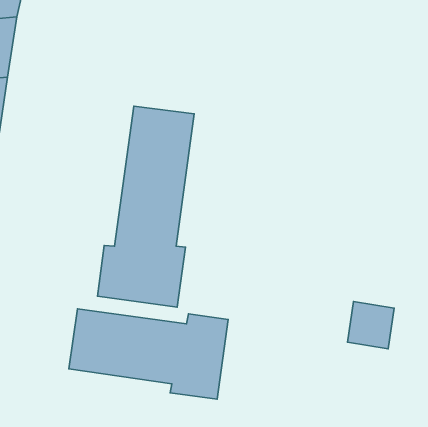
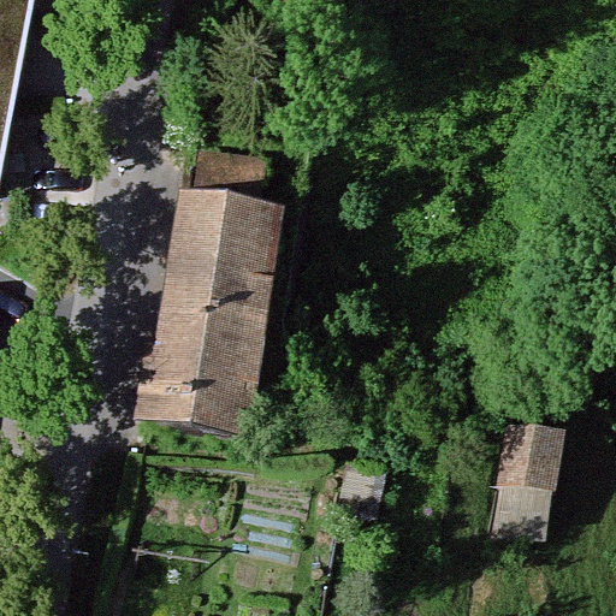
building: [69,309,228,399] -> none

